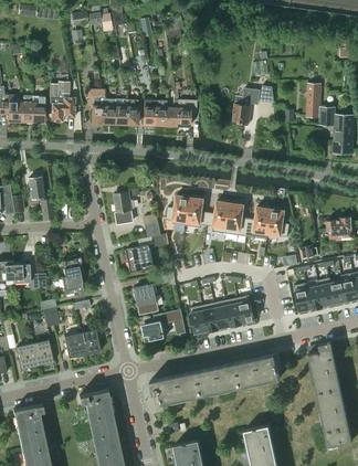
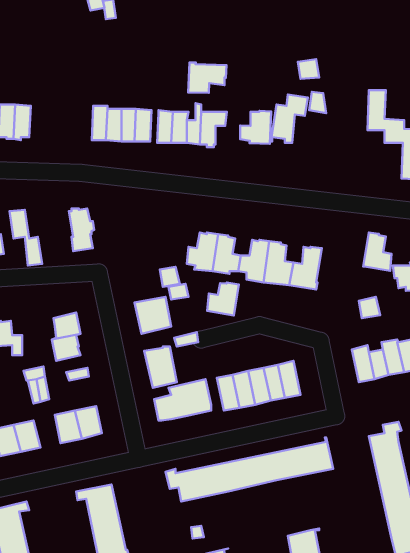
building: none -> [188,63,227,93]
building: [50,82,75,123] -> none
building: none -> [240,111,271,144]
building: [115,191,135,224] -> [69,208,94,251]
building: [267,208,289,237] -> [363,232,392,271]
building: none -> [207,283,239,316]

